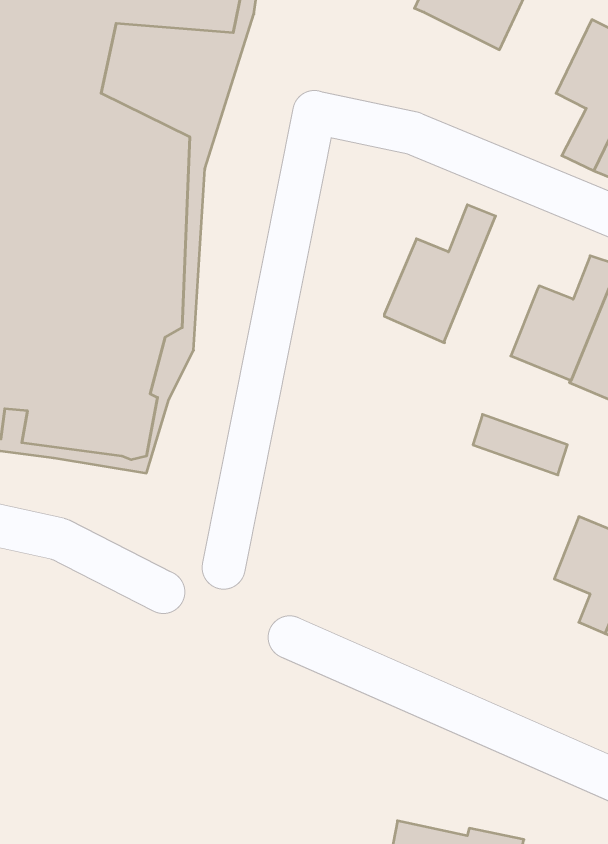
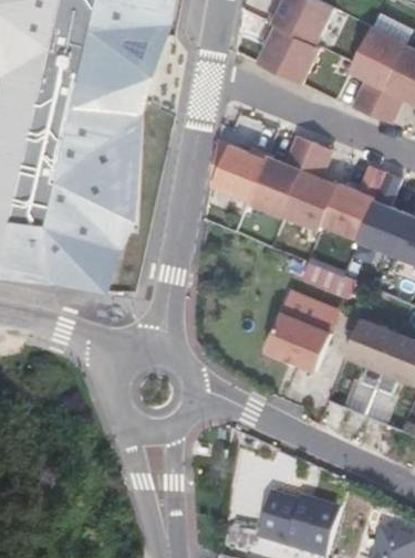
building: none -> [258,23,320,84]
building: none -> [211,140,267,200]
building: none -> [283,143,338,230]
building: none -> [264,294,334,375]

